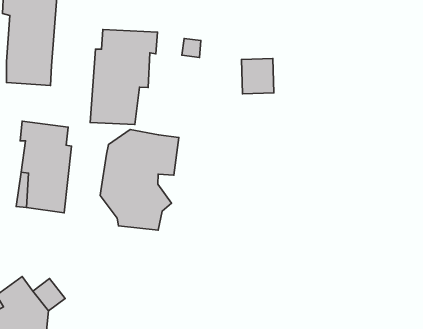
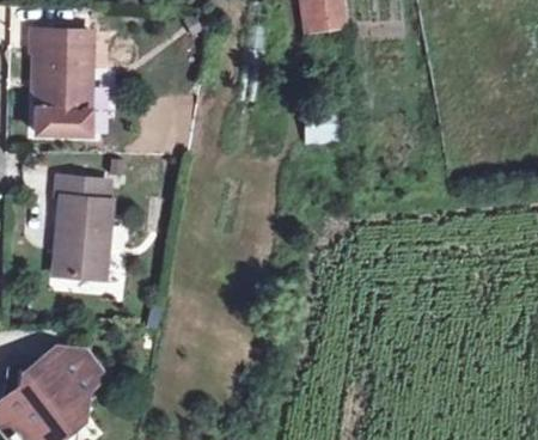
building: [90,30,157,125] -> none
building: [100,130,179,230] -> none

